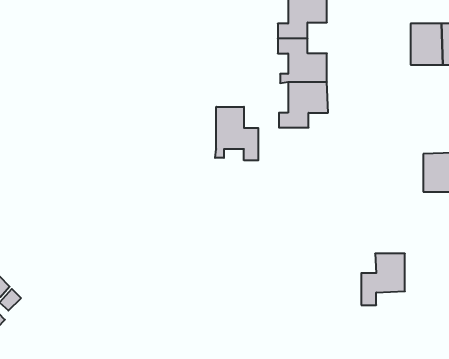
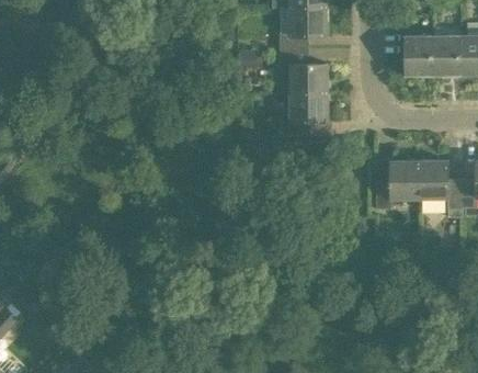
building: [215,107,258,160] -> none
building: [361,254,405,305] -> [377,160,419,210]

